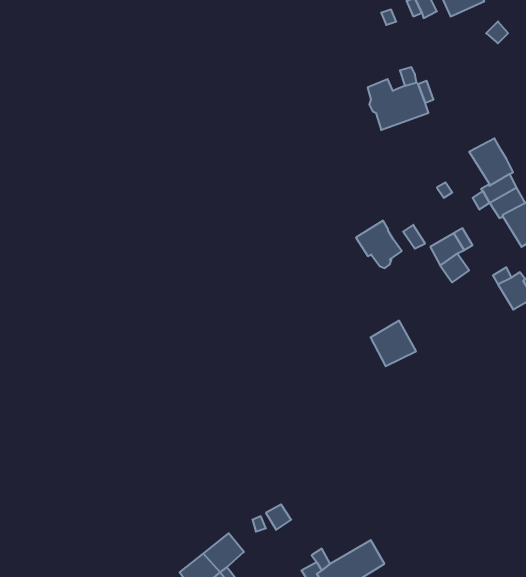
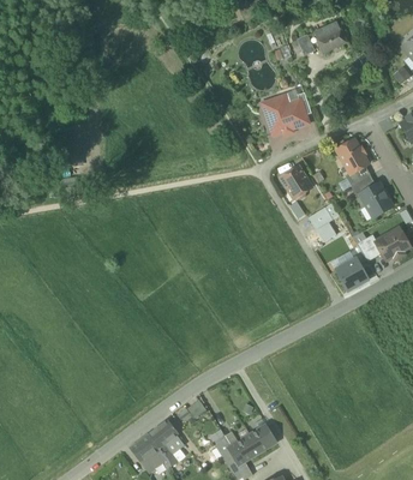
building: [356,221,402,268] -> [280,164,312,198]
building: [370,321,416,366] -> [336,257,369,289]

